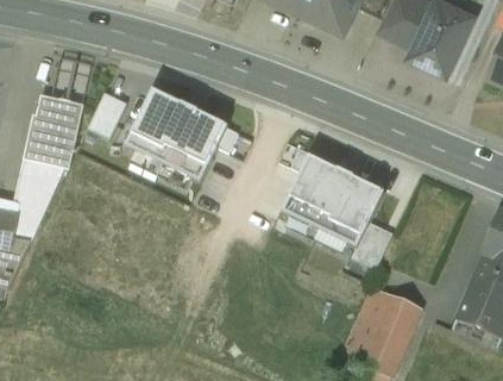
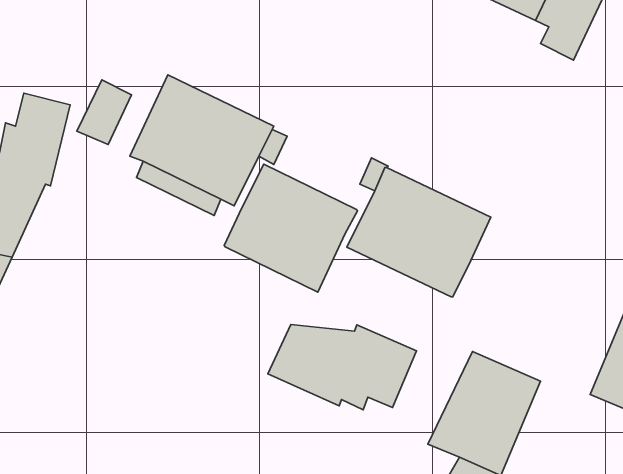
building: none -> [224,164,357,292]
building: [352,220,394,268] -> none
building: none -> [268,325,417,410]

